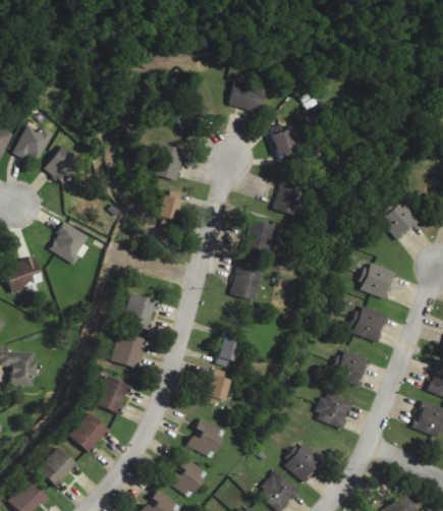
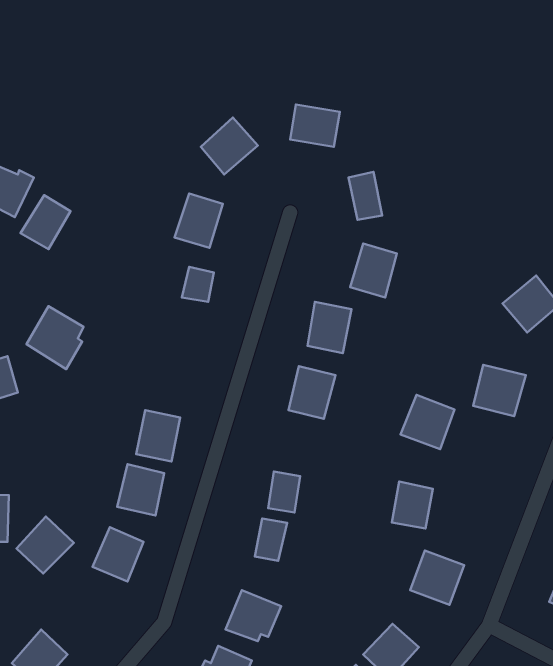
building: [348,304,386,342] -> [400,395,455,449]
building: [336,351,365,384] -> [392,482,433,528]
building: [69,412,109,452] -> [17,516,74,573]

